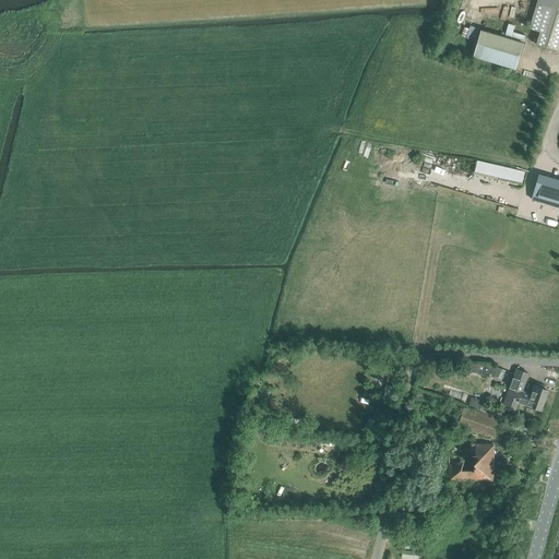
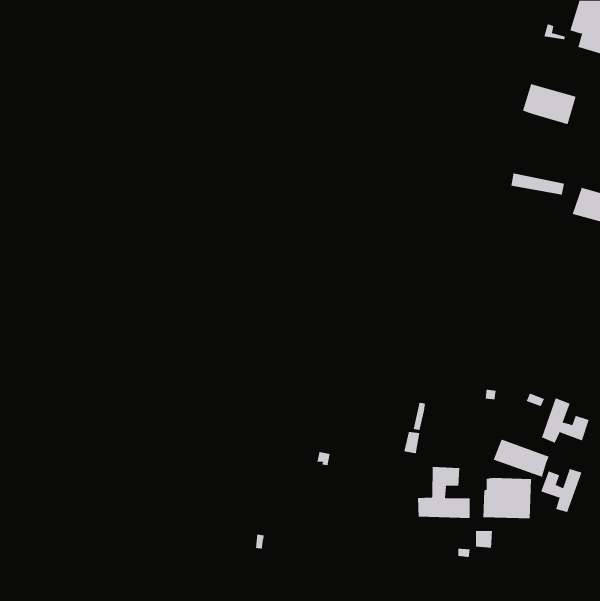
building: [474,31,524,69] -> [522,84,576,125]
building: none -> [418,466,470,519]
building: none -> [541,468,582,513]

